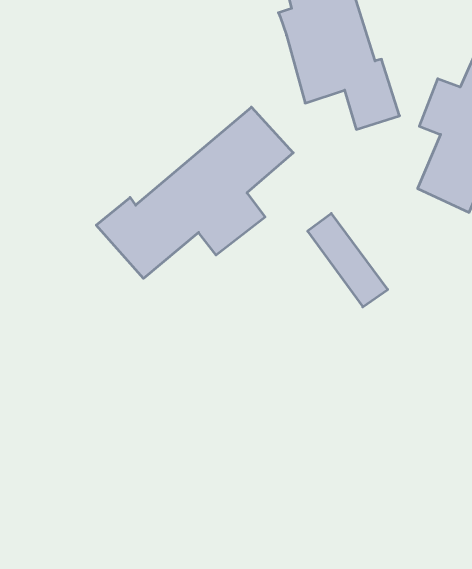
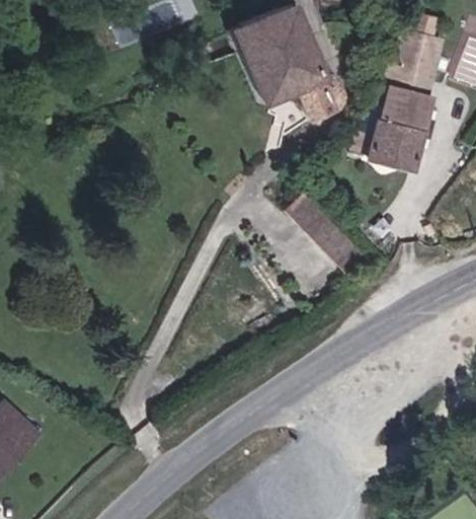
building: [96,107,293,278] -> none

